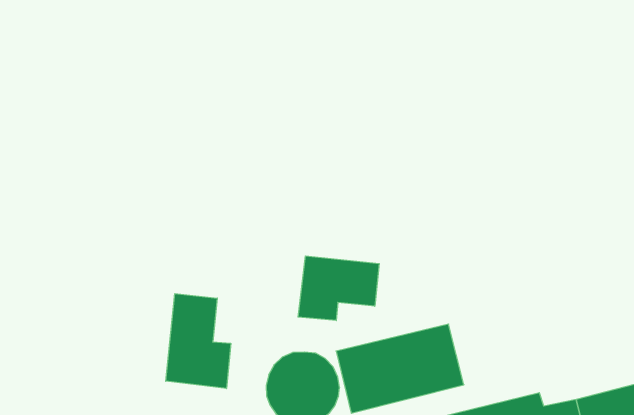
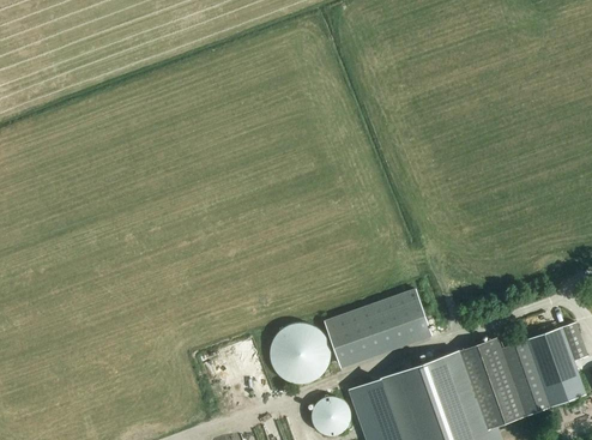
building: [298,256,379,321] -> none
building: [166,294,231,389] -> none

